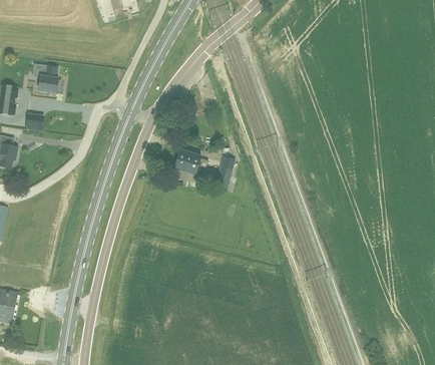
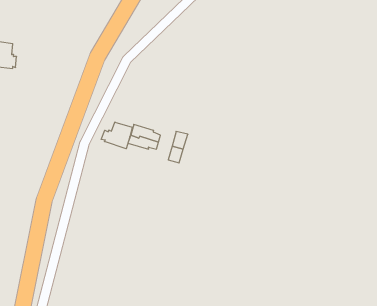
building: none -> [101,122,132,149]

